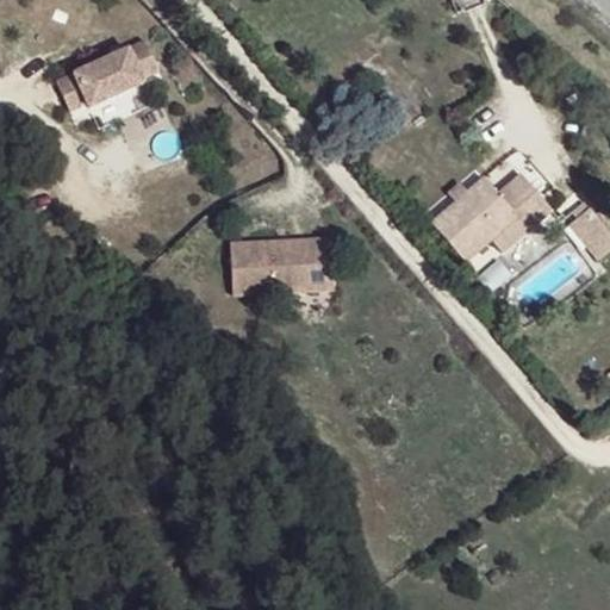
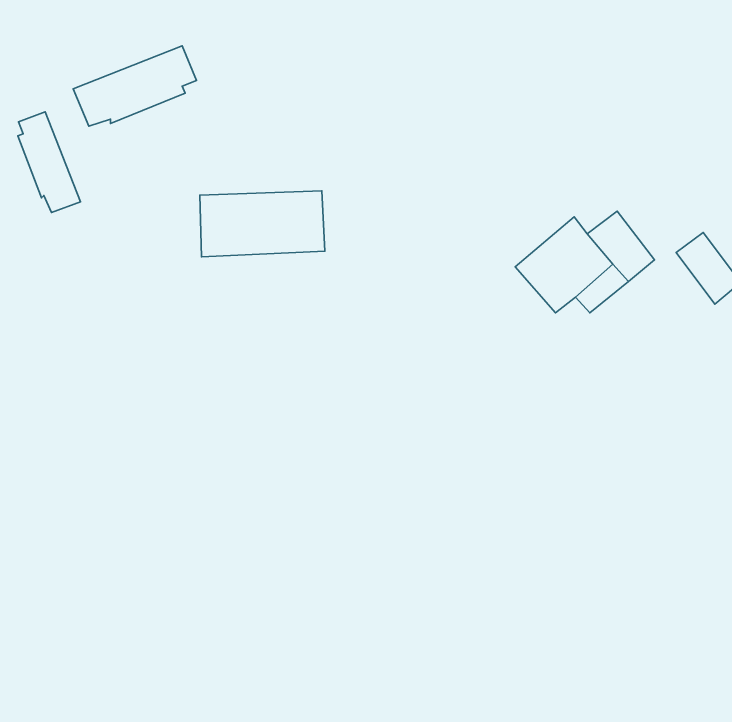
building: none -> [18,112,81,212]
building: [226,237,330,292] -> [200,191,325,257]

